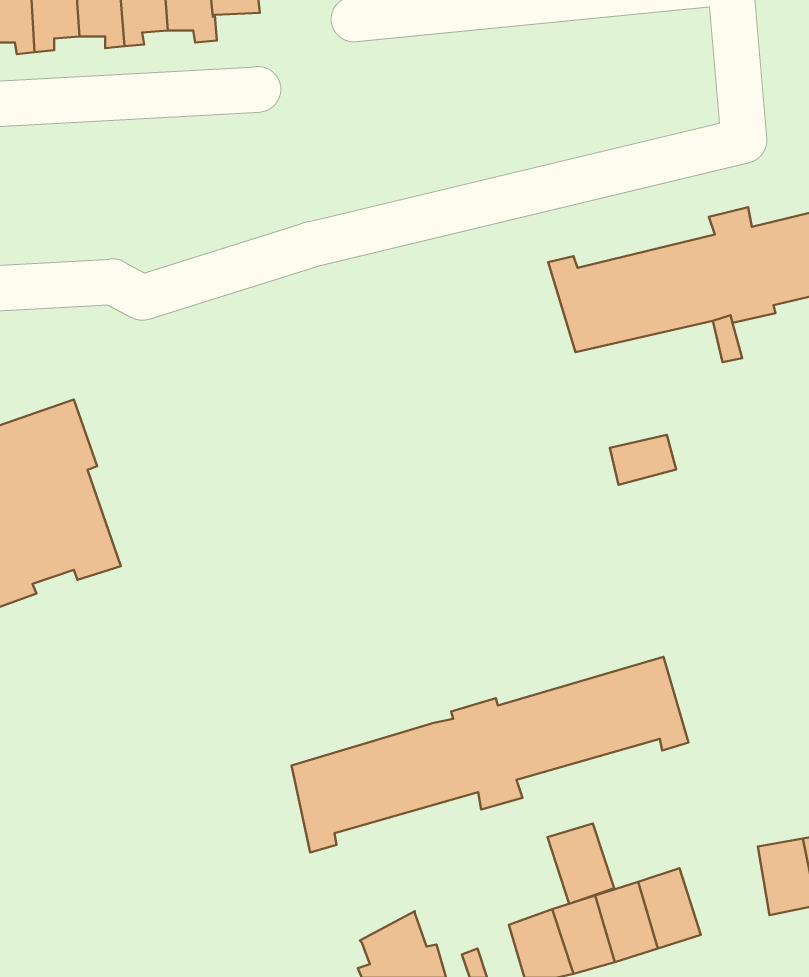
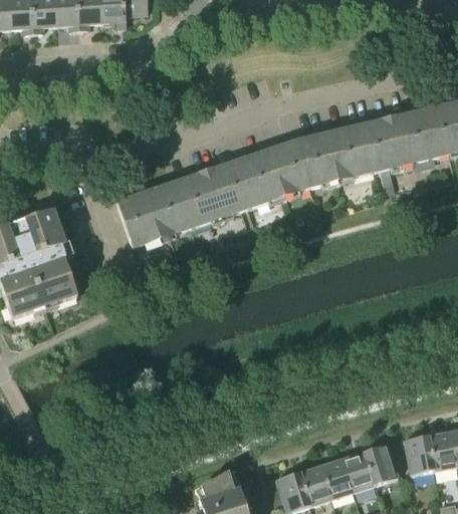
building: none -> [117,140,310,247]
building: [610,435,676,485] -> none
building: [291,657,689,853] -> none
building: [548,823,614,904] -> [364,443,398,484]

